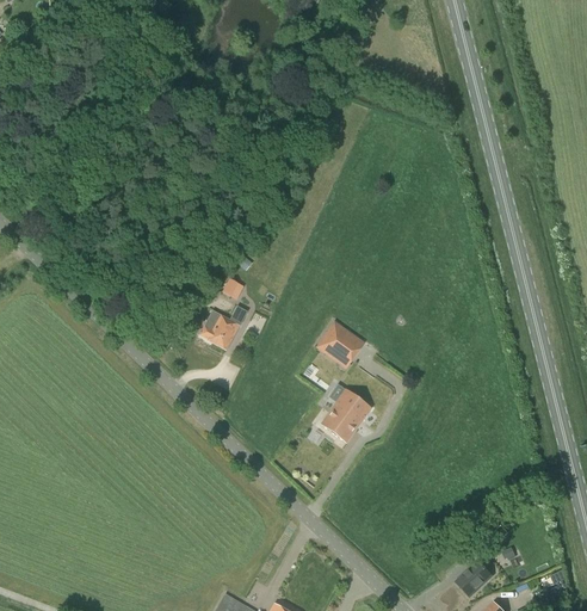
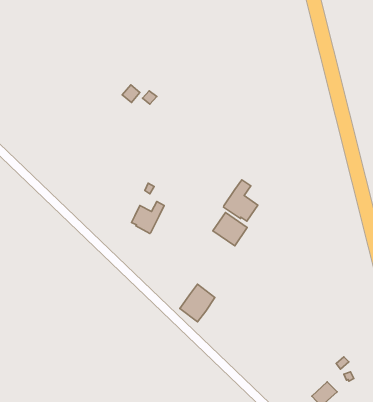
building: none -> [223,180,258,221]
building: [321,389,371,443] -> [180,284,215,322]

